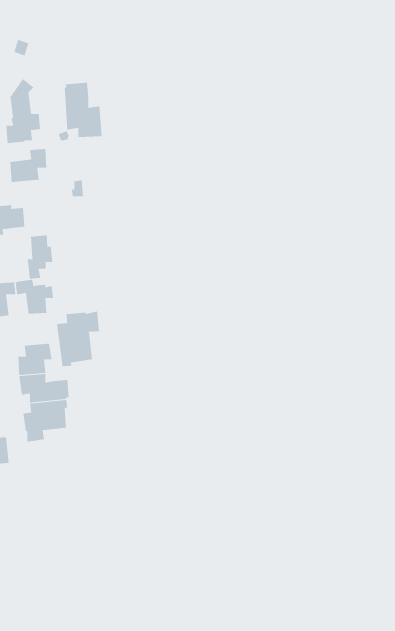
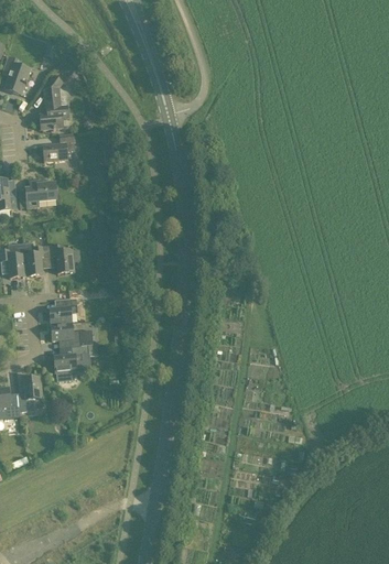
building: [64,82,102,138] -> none
building: [27,234,53,279] -> none
building: [57,311,99,367] -> none

